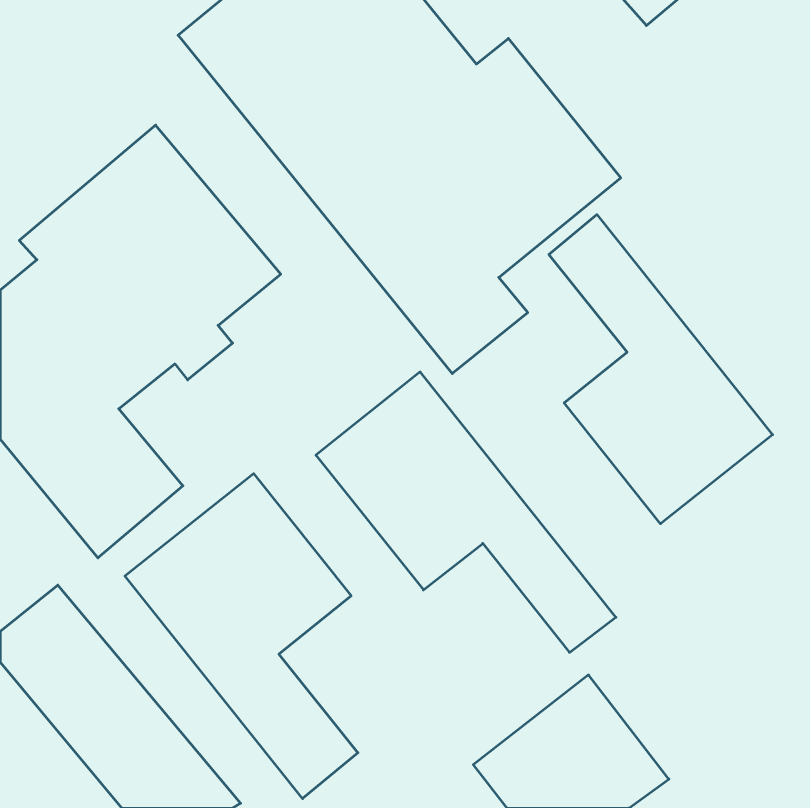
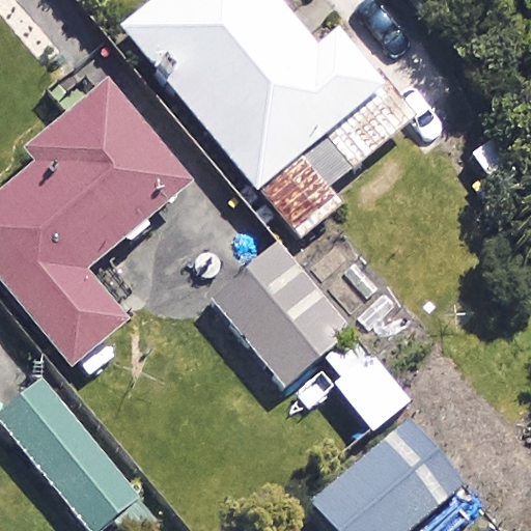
building: [549,215,773,524] -> none
building: [125,474,358,799] -> none

